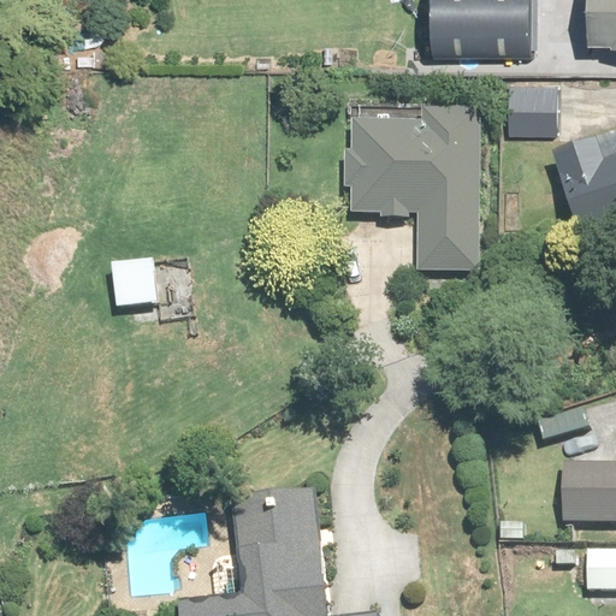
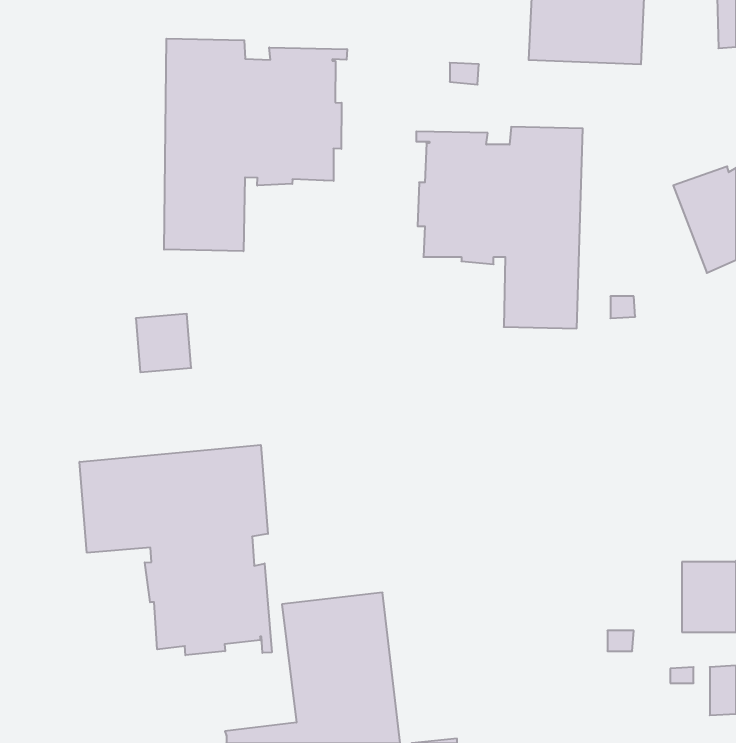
building: none -> [164,39,347,251]
building: [507,82,556,134] -> none
building: none -> [80,445,272,655]

